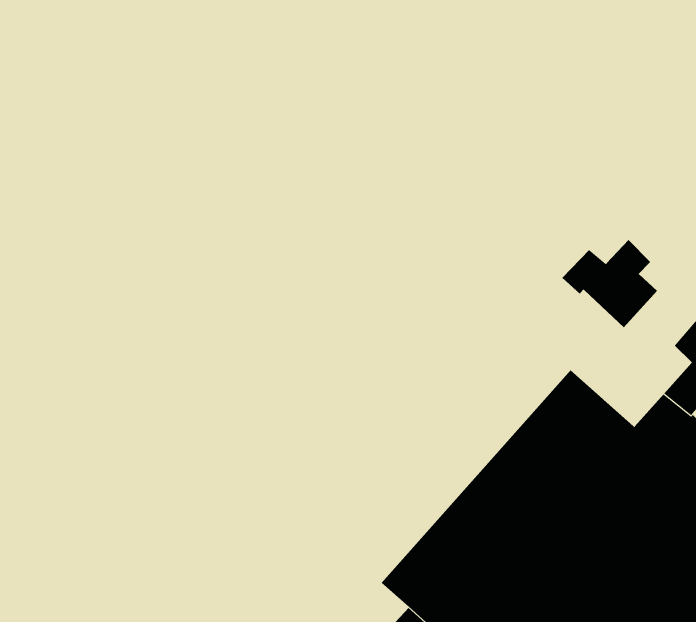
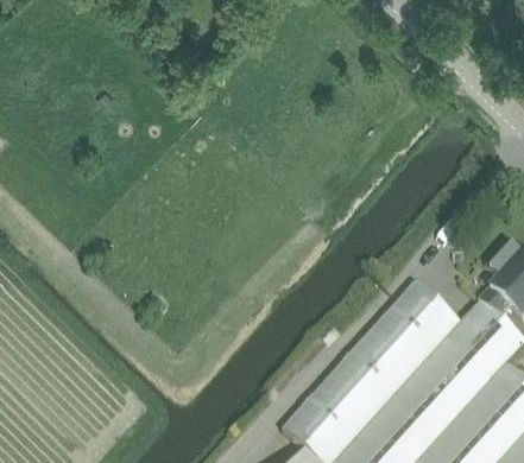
building: [561,239,658,328] -> none

